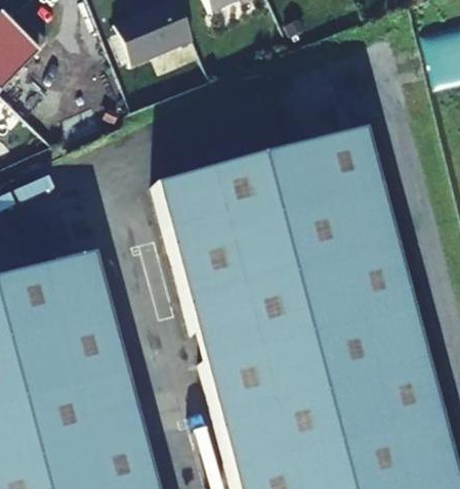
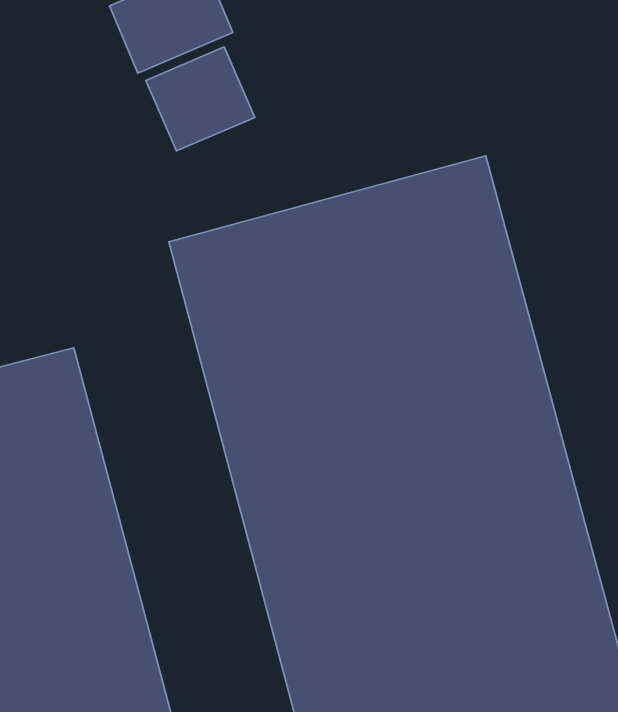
building: none -> [146,47,255,151]

